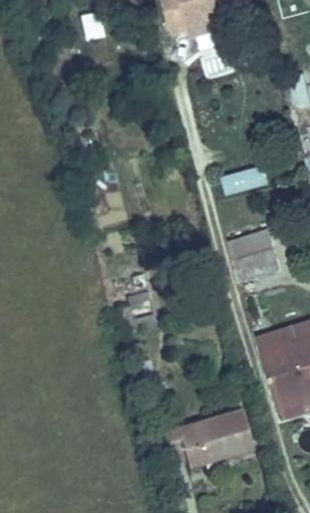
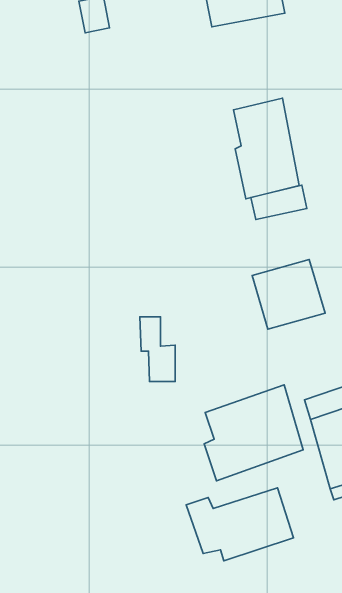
building: none -> [234,98,299,199]
building: none -> [204,385,303,481]

